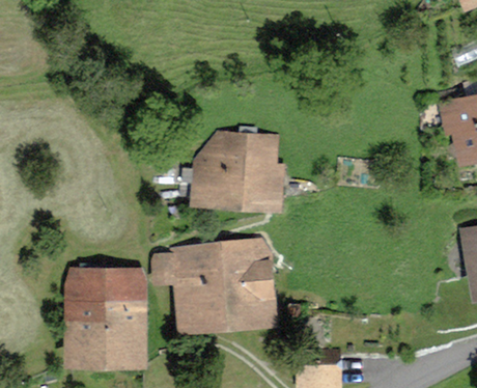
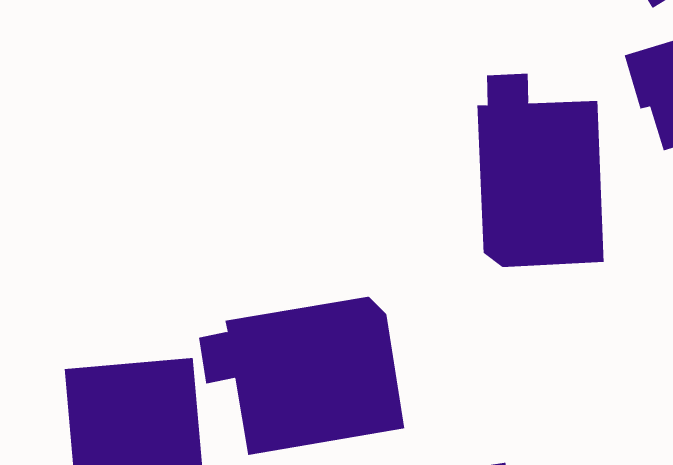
building: none -> [477,73,604,268]
building: [183,134,285,211] -> none

